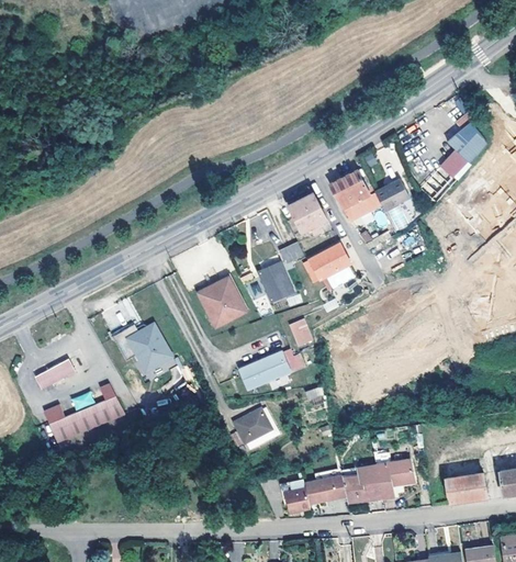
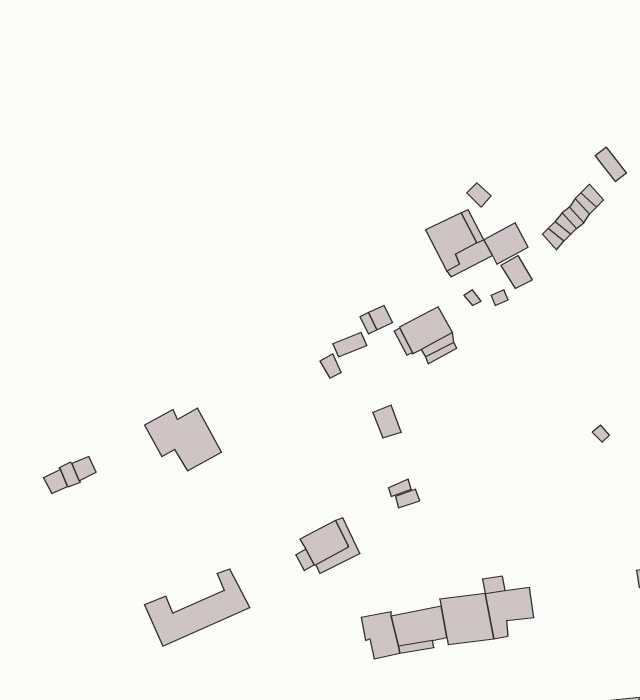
building: [289,192,327,236] -> none
building: [262,273,292,301] -> none
building: [199,279,244,326] -> none
building: [239,349,302,387] -> none
building: [43,382,124,441] -> [144,569,250,646]
building: [446,473,486,502] -> none

